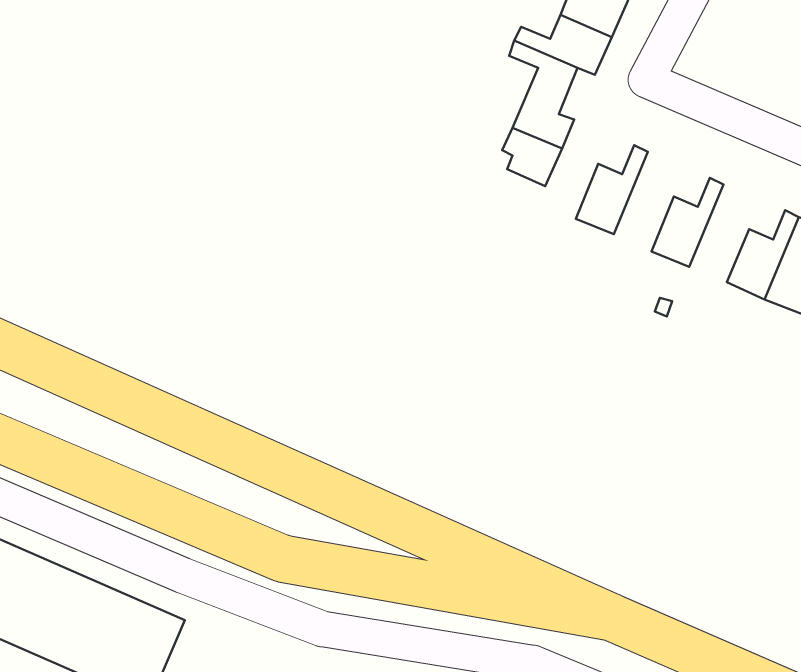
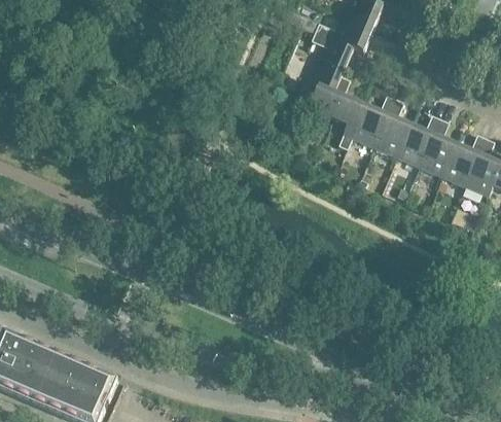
building: none -> [333,97,365,149]
building: none -> [374,99,410,159]
building: none -> [420,118,456,177]

